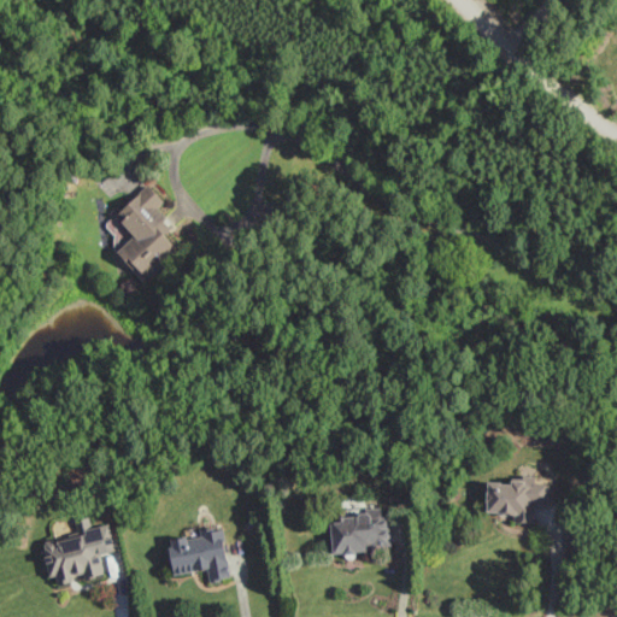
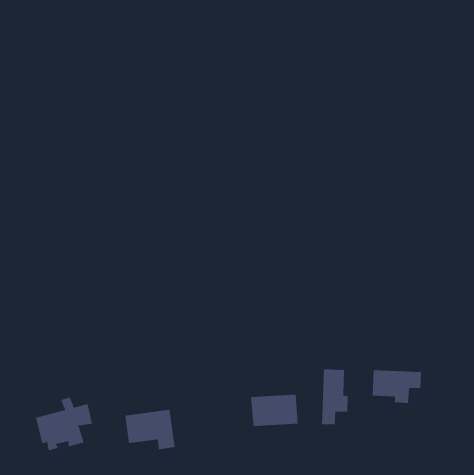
building: [111,184,175,281] -> none
building: none -> [321,369,348,425]

